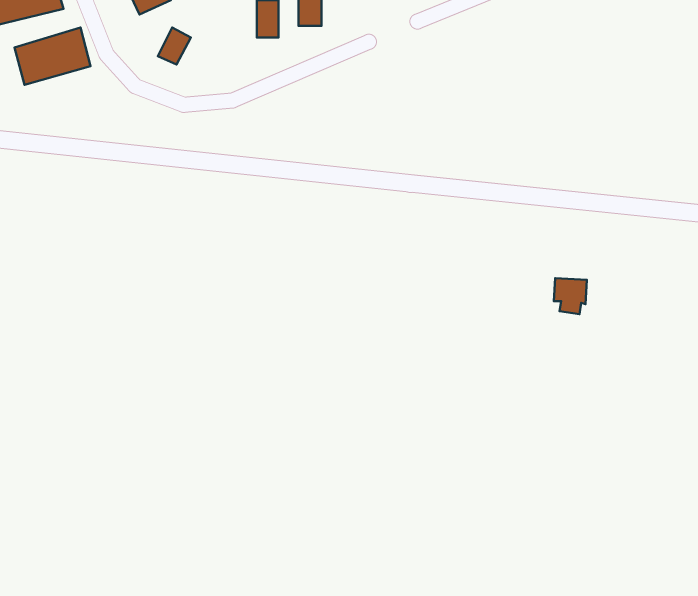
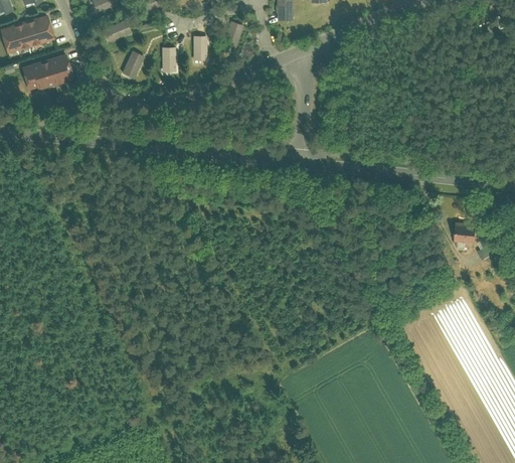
building: none -> [161,47,177,72]
building: [554,278,587,314] -> [454,224,477,250]

